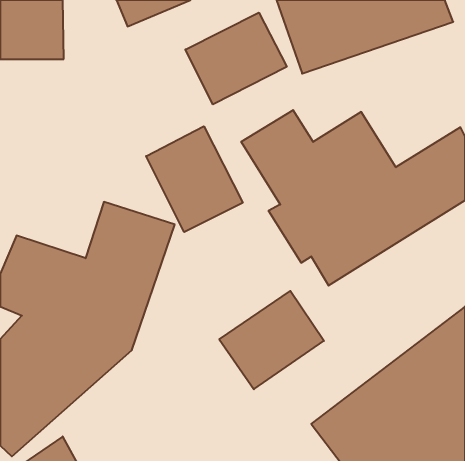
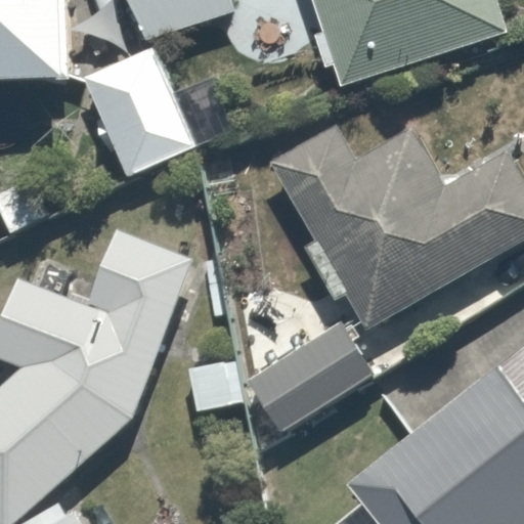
building: [185,13,287,104] -> none
building: none -> [86,38,206,171]
building: [146,126,243,232] -> none

